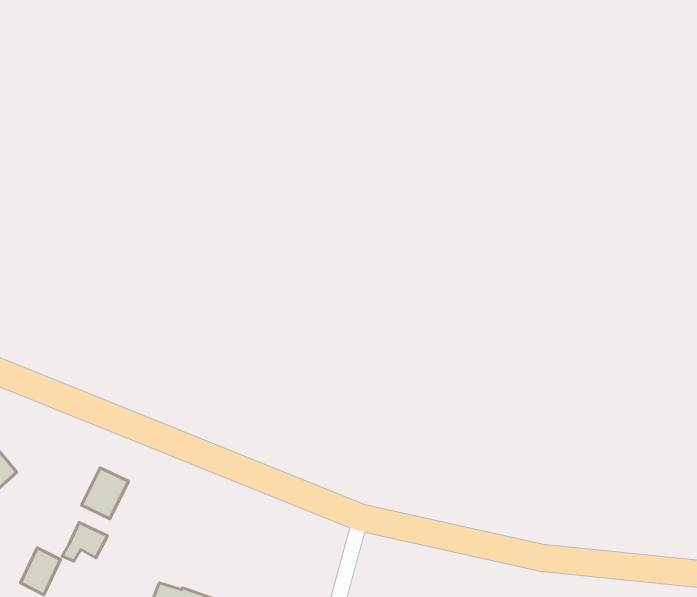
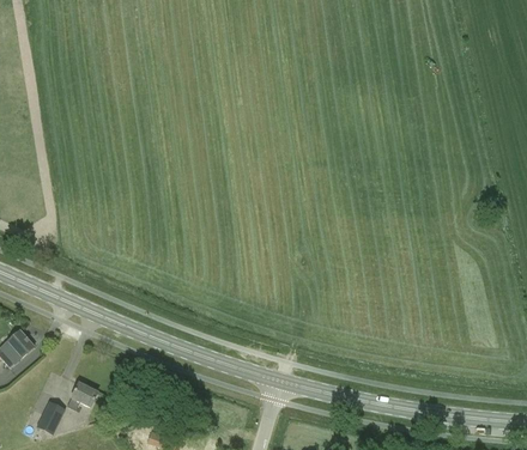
building: [82,468,129,519] -> none

